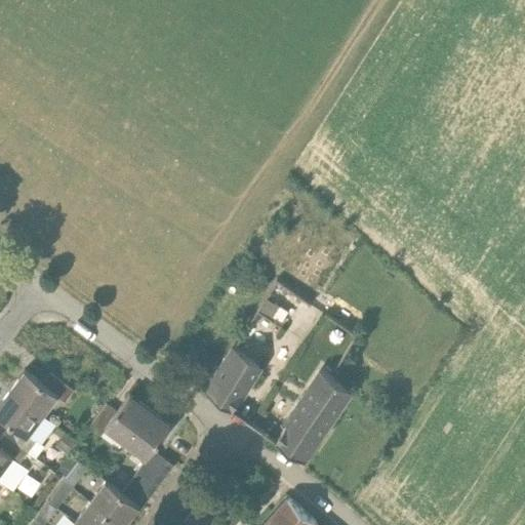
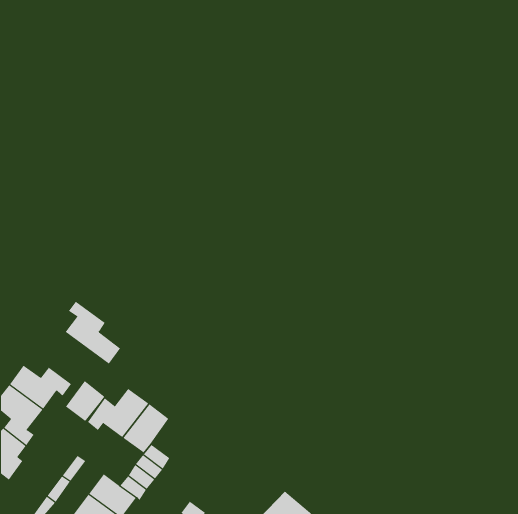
building: none -> [65,301,121,364]
building: [206,352,260,413] -> none
building: [276,374,352,466] -> none
building: none -> [65,380,105,422]

